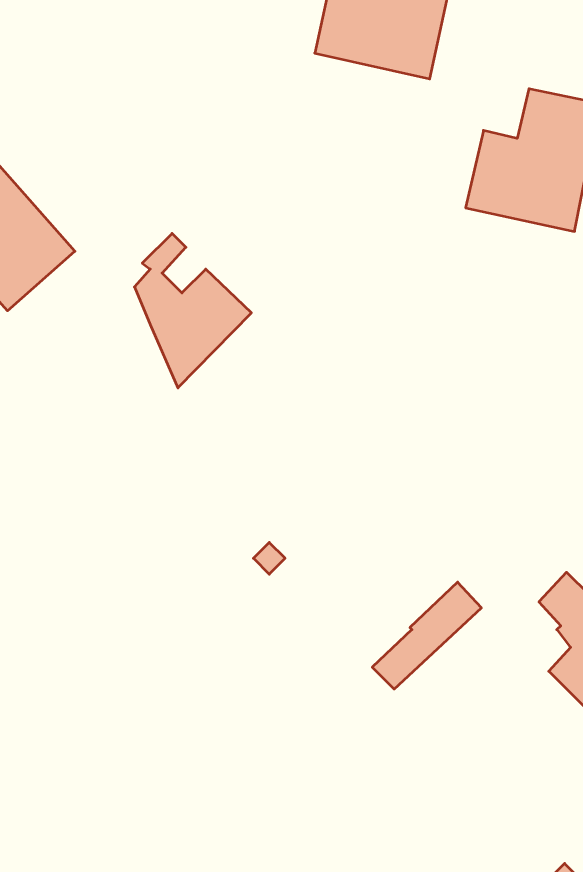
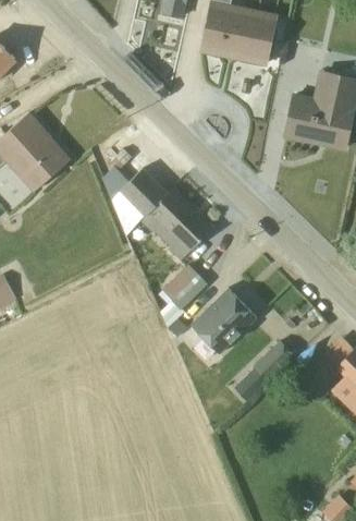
building: none -> [140,189,212,260]
building: none -> [158,264,208,324]
building: none -> [191,288,257,354]

